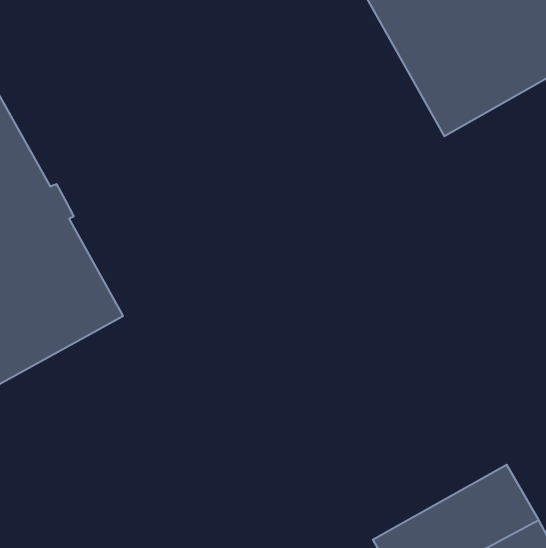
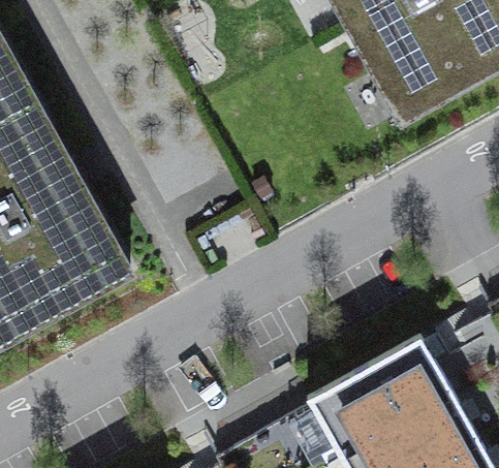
building: none -> [308,335,455,459]

